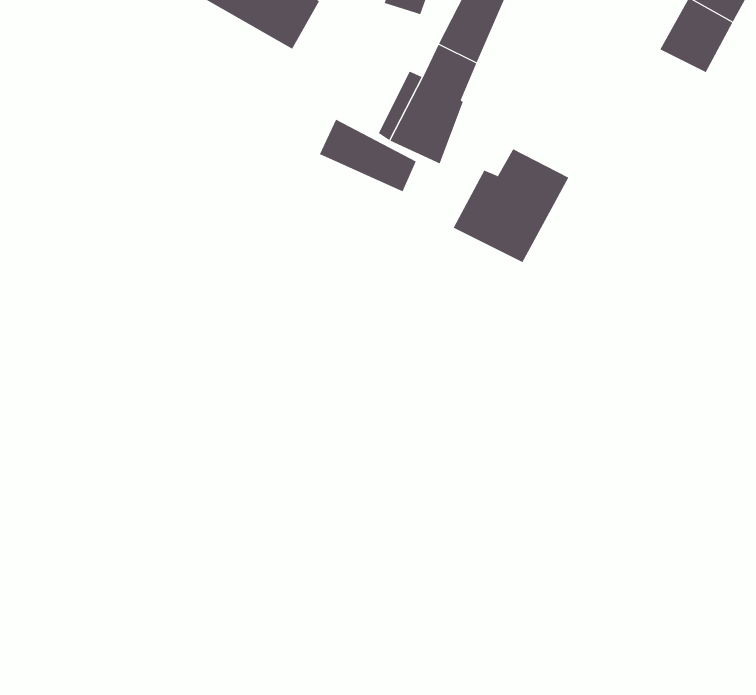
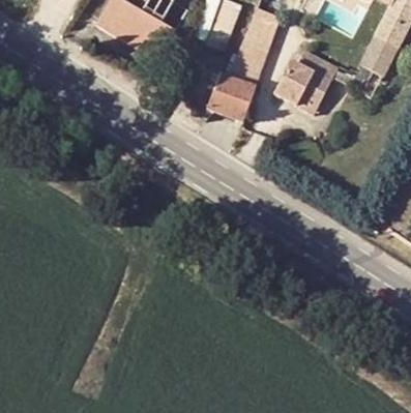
building: [319,119,416,192] -> none
building: [453,148,569,263] -> [274,52,336,113]

